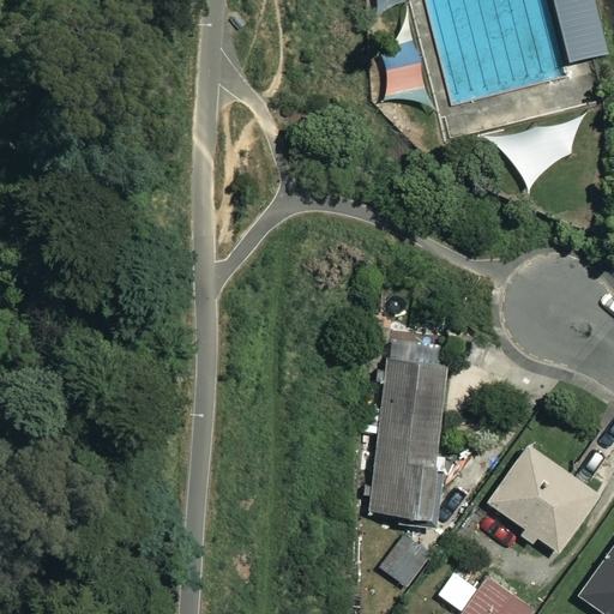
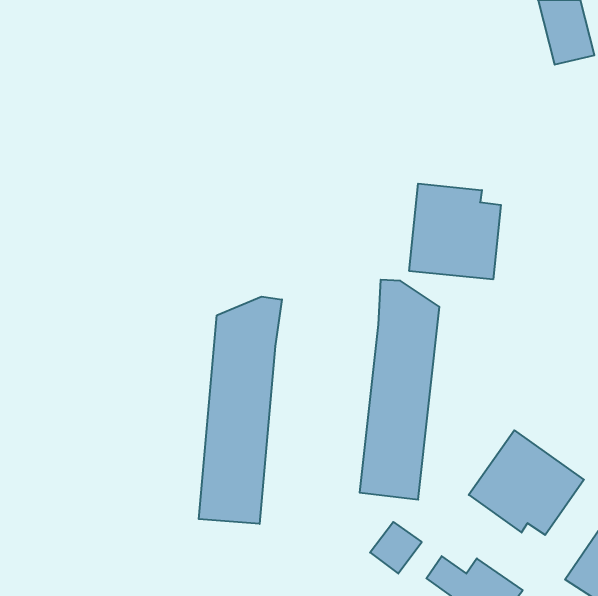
building: none -> [409,184,501,279]
building: none -> [199,297,282,524]

